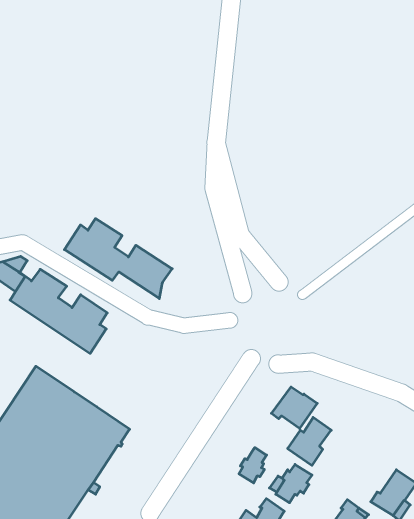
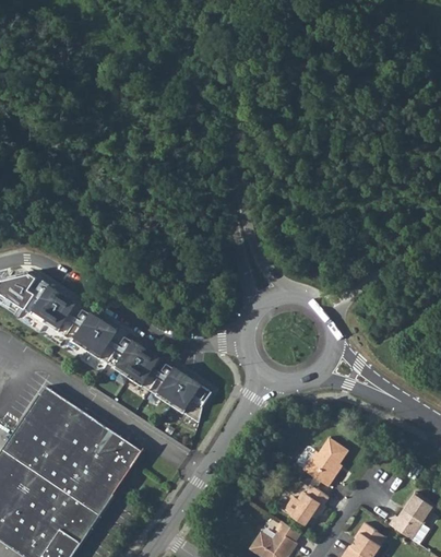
building: [64,219,172,299] -> [100,341,211,423]
building: [271,387,317,429] -> none
building: [239,448,267,483] -> none

